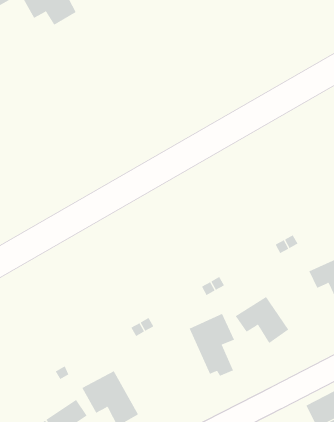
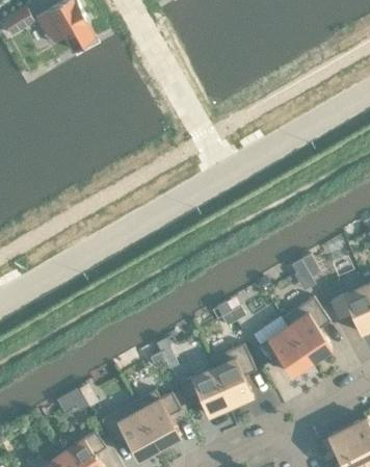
building: none -> [282,299,332,362]
building: none -> [179,361,230,417]
building: none -> [133,391,181,448]

